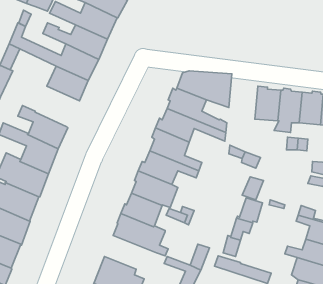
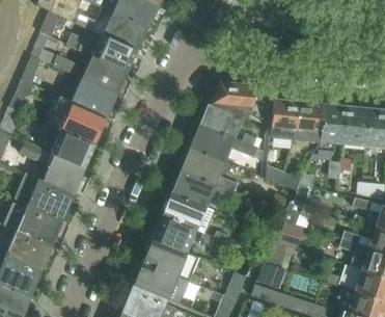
building: none -> [55,96,106,144]
building: none -> [270,100,298,136]
building: none -> [133,262,189,298]

